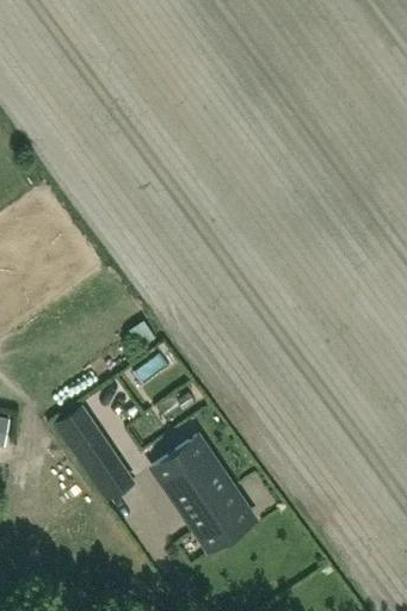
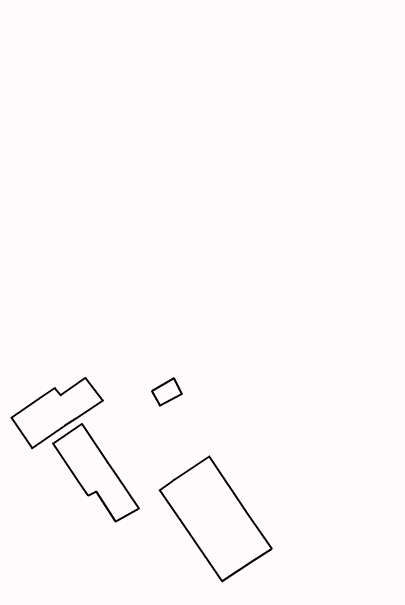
building: none -> [11,378,103,448]

